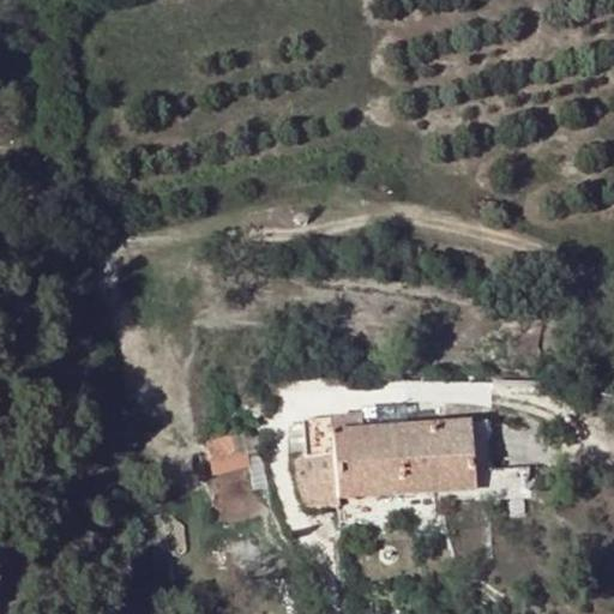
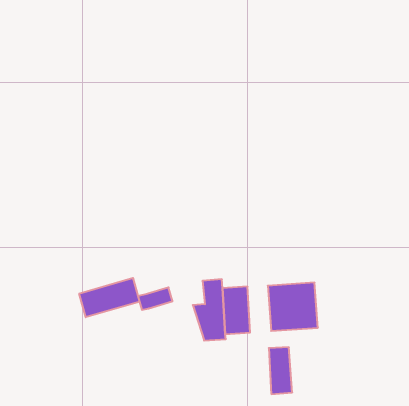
building: none -> [79,278,139,317]
building: [373,425,408,494] -> [269,347,292,394]

